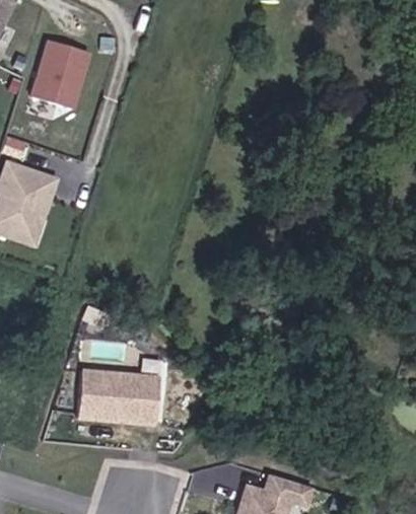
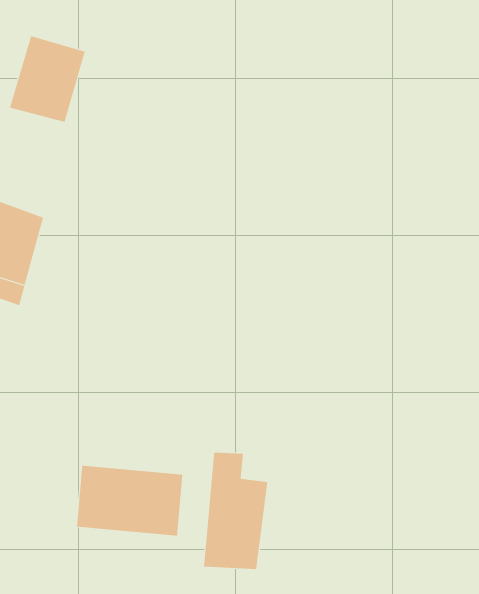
building: none -> [203,452,268,570]

